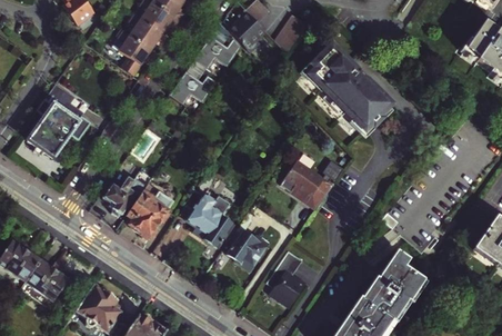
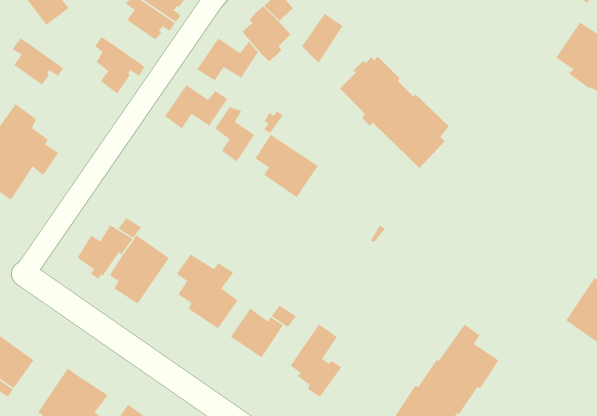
building: [129,13,169,50] -> [12,37,64,86]
building: none -> [214,106,255,162]
building: [280,168,329,217] -> [255,134,319,198]

